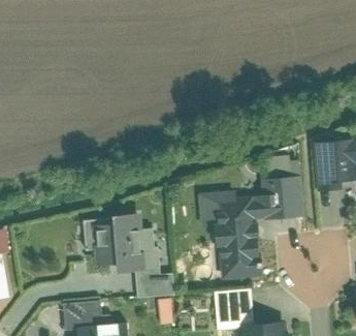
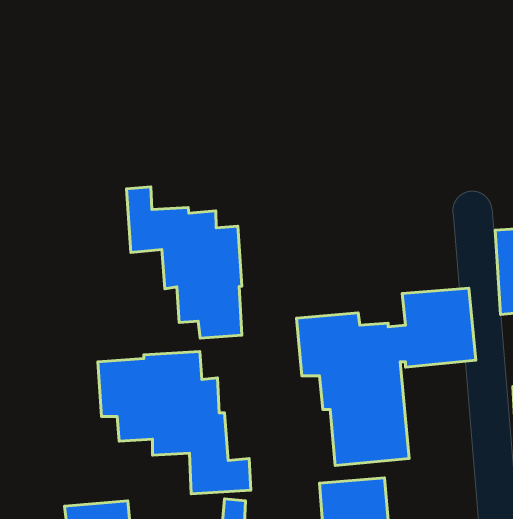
building: none -> [126,187,242,338]

